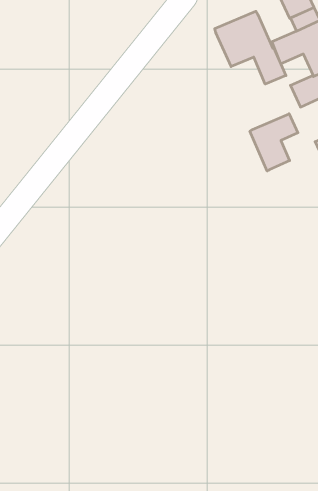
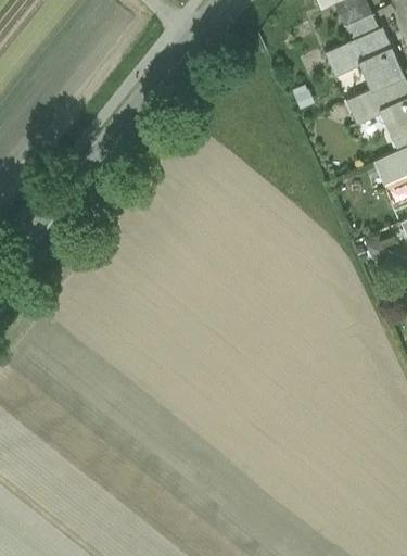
building: [215,11,286,84] -> none
building: [250,114,298,171] -> none

